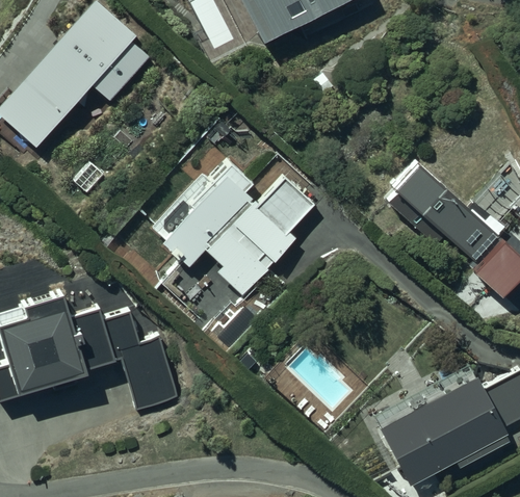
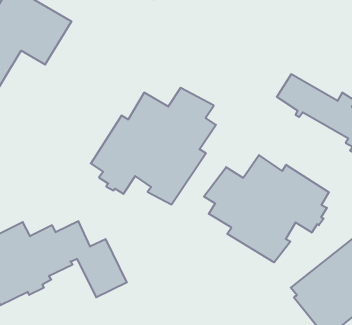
building: none -> [204,155,329,262]

